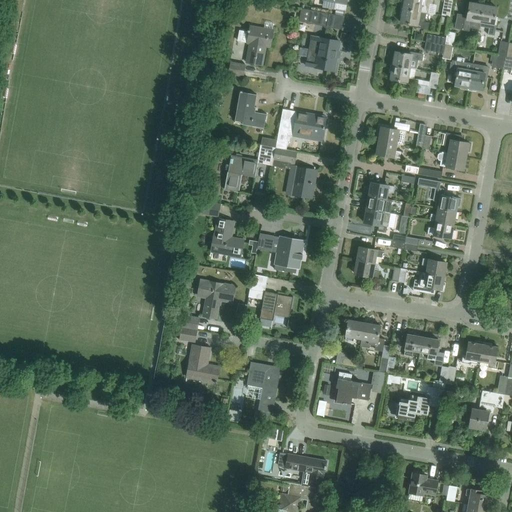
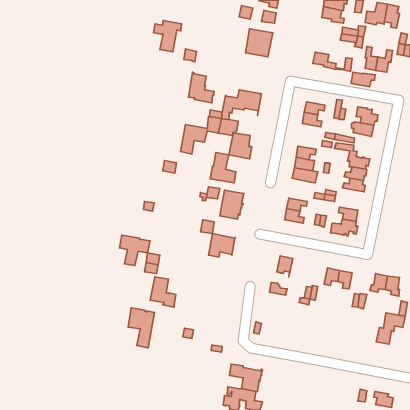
building: [238,26,273,65] -> [154,20,182,52]
building: [393,51,423,69] -> [351,72,375,87]
building: [211,218,243,256] -> [210,152,236,183]
building: [197,280,235,318] -> [120,235,150,266]
building: [360,322,385,351] -> none
building: [247,362,280,412] -> [128,308,155,348]
building: [336,378,372,404] -> none
building: [397,386,445,420] -> none
building: [409,473,438,495] -> none

